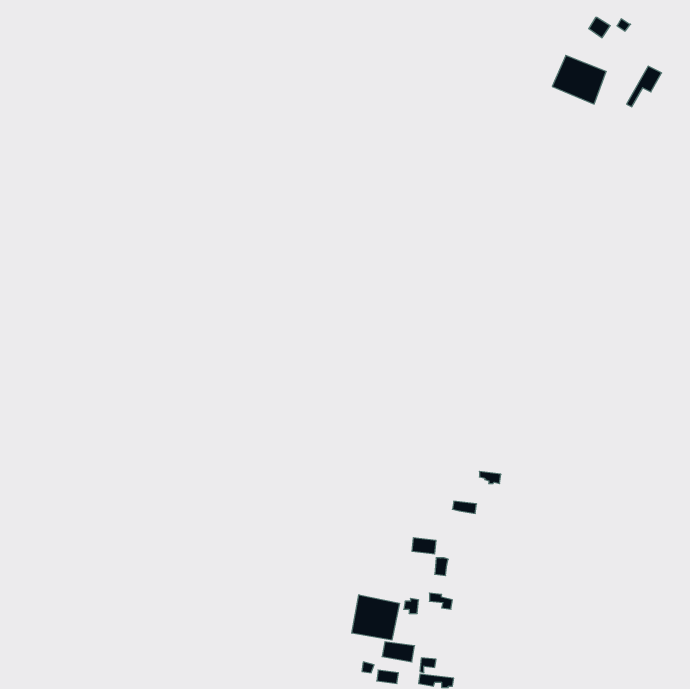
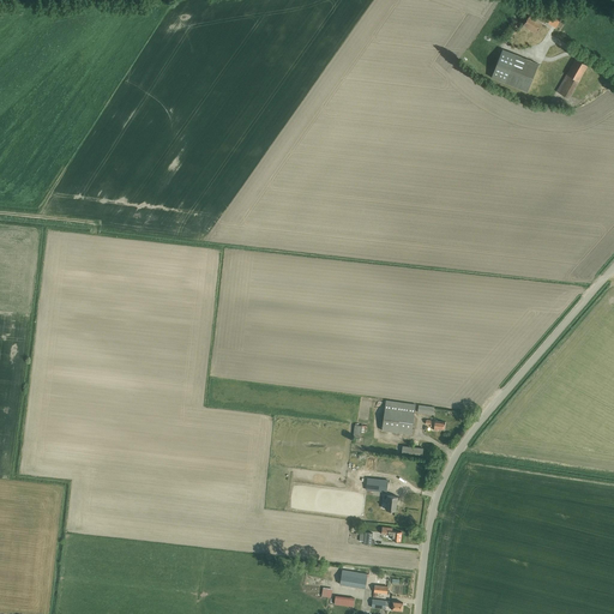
building: none -> [381,402,415,435]
building: [352,595,399,640] -> none

